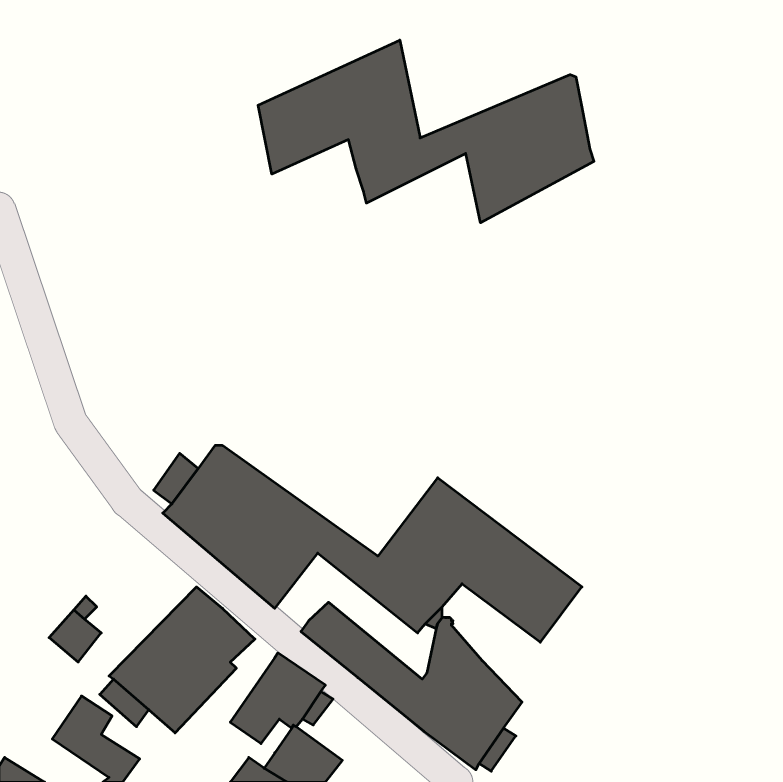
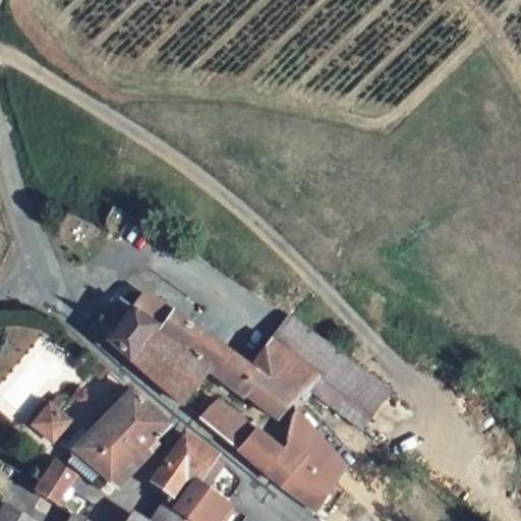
building: [258,40,594,223] -> none

